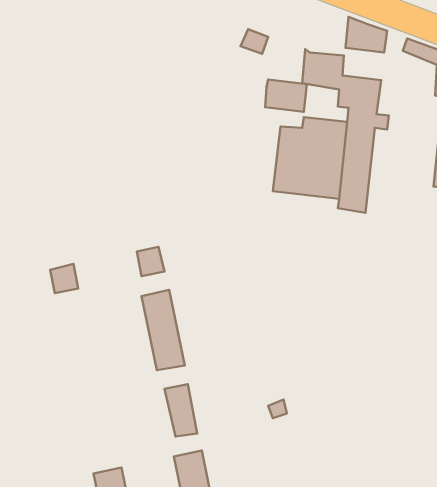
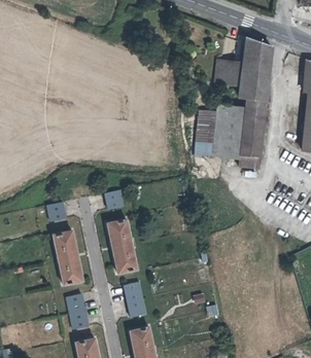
building: [265,79,307,112] -> [242,58,270,79]
building: none -> [53,230,82,284]
building: none -> [66,293,89,329]

